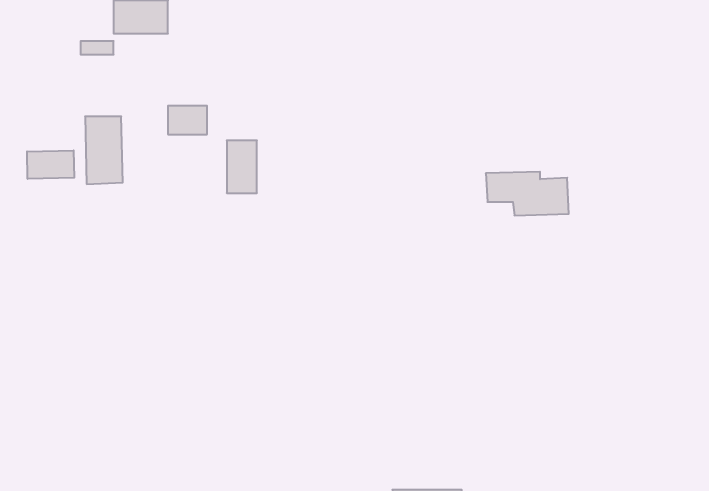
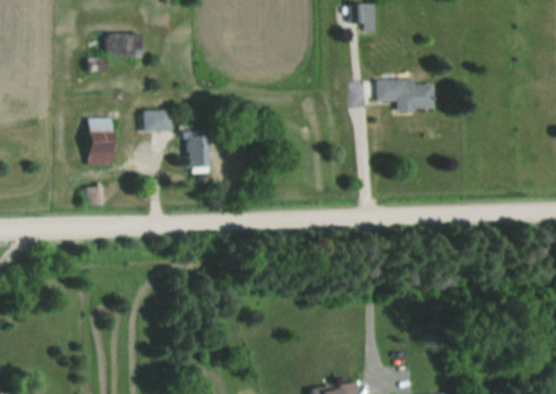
building: [27,150,74,179] -> none
building: [486,172,569,215] -> [376,78,435,110]

